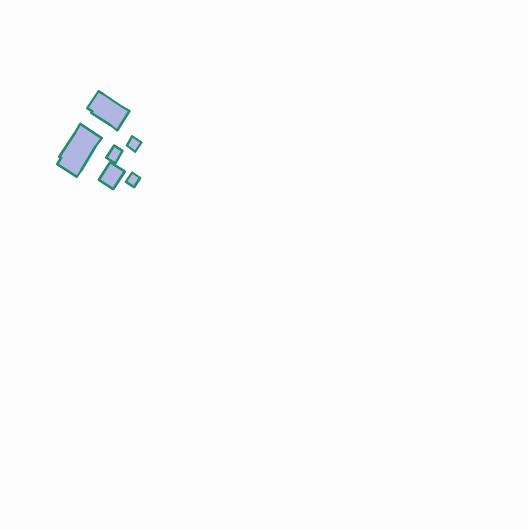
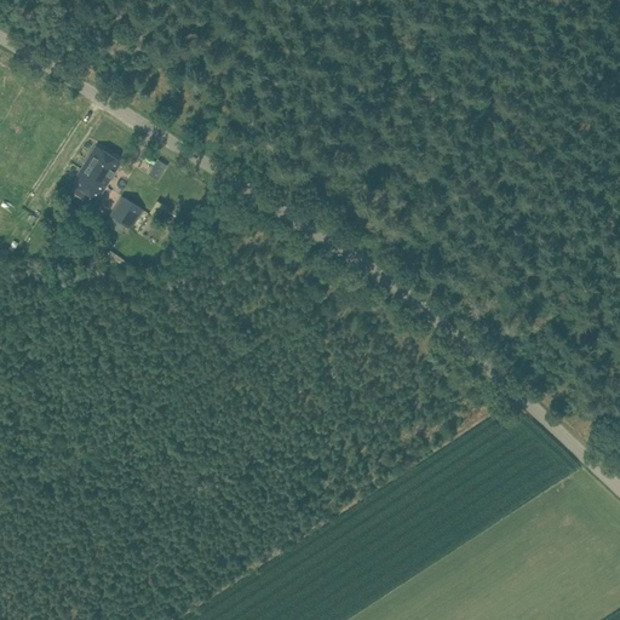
building: [87,91,129,130] -> none

